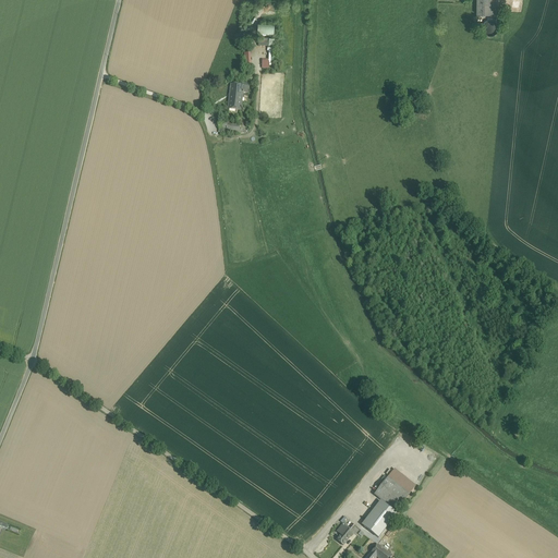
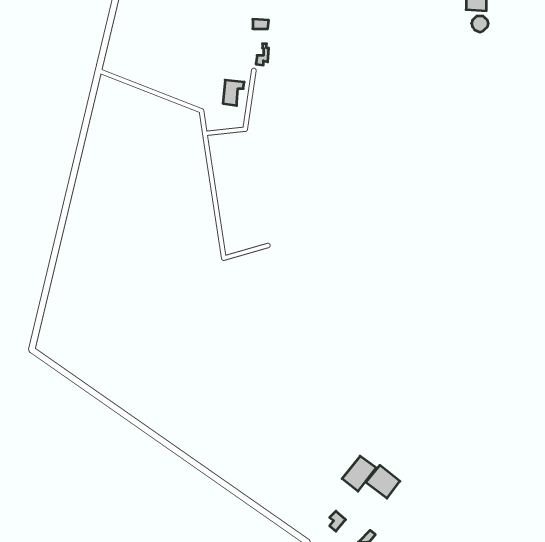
building: [362,499,397,535] -> [342,456,376,491]

